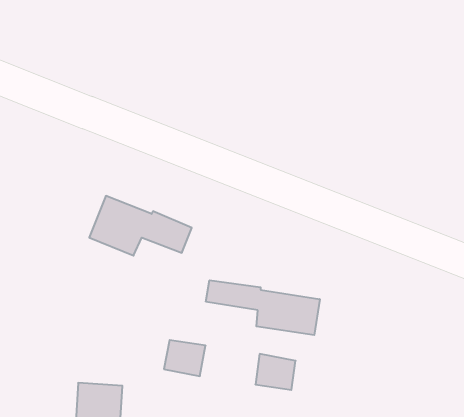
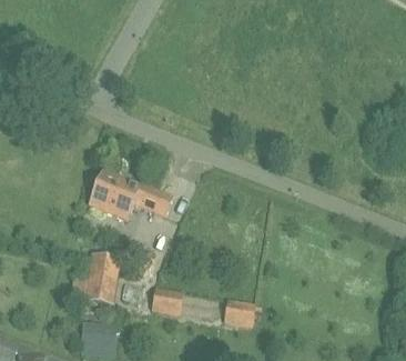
building: [206,280,320,335] -> none
building: none -> [87,251,116,300]

